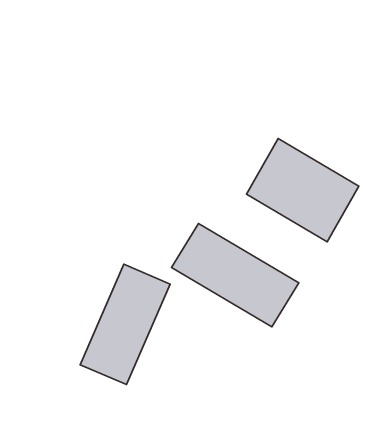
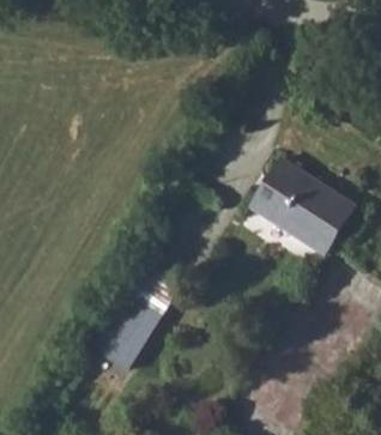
building: [171,224,299,327] -> none

